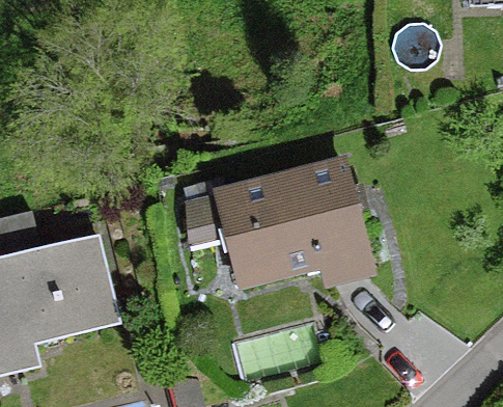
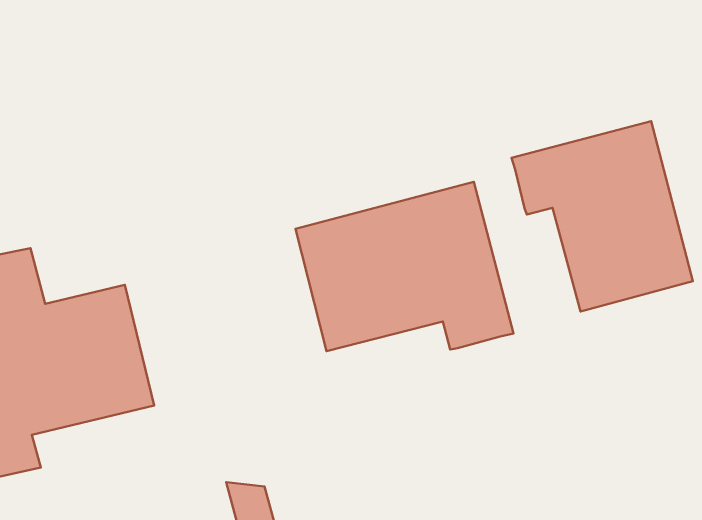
building: none -> [511,121,693,312]

